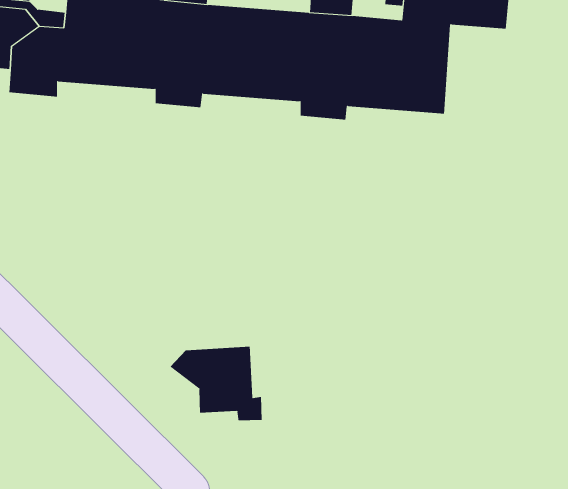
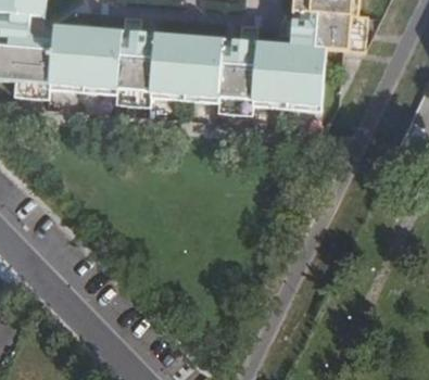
building: [169,346,262,421] -> none

